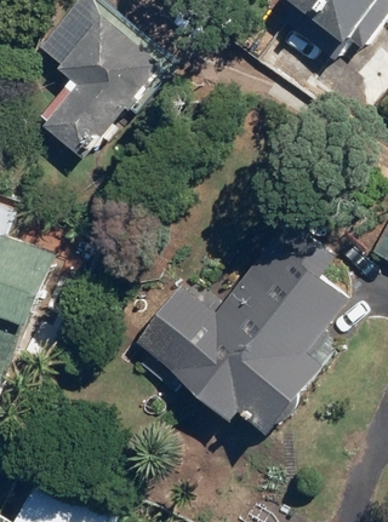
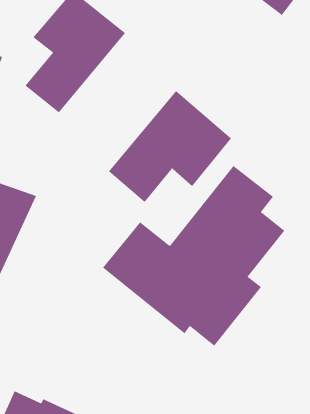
building: none -> [108,90,232,203]

